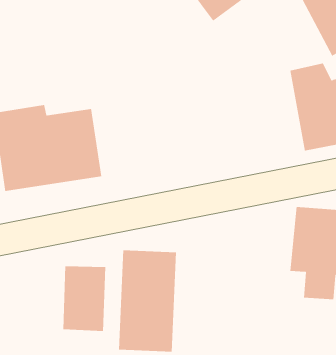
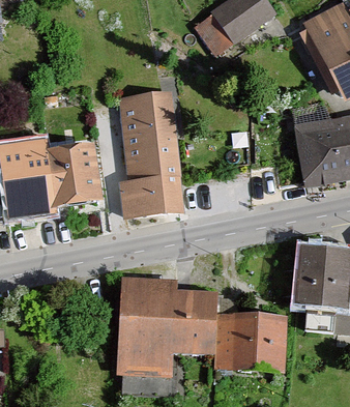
building: none -> [117,88,183,215]
building: [62,266,106,332] -> [177,293,220,357]
building: none -> [233,315,288,372]

